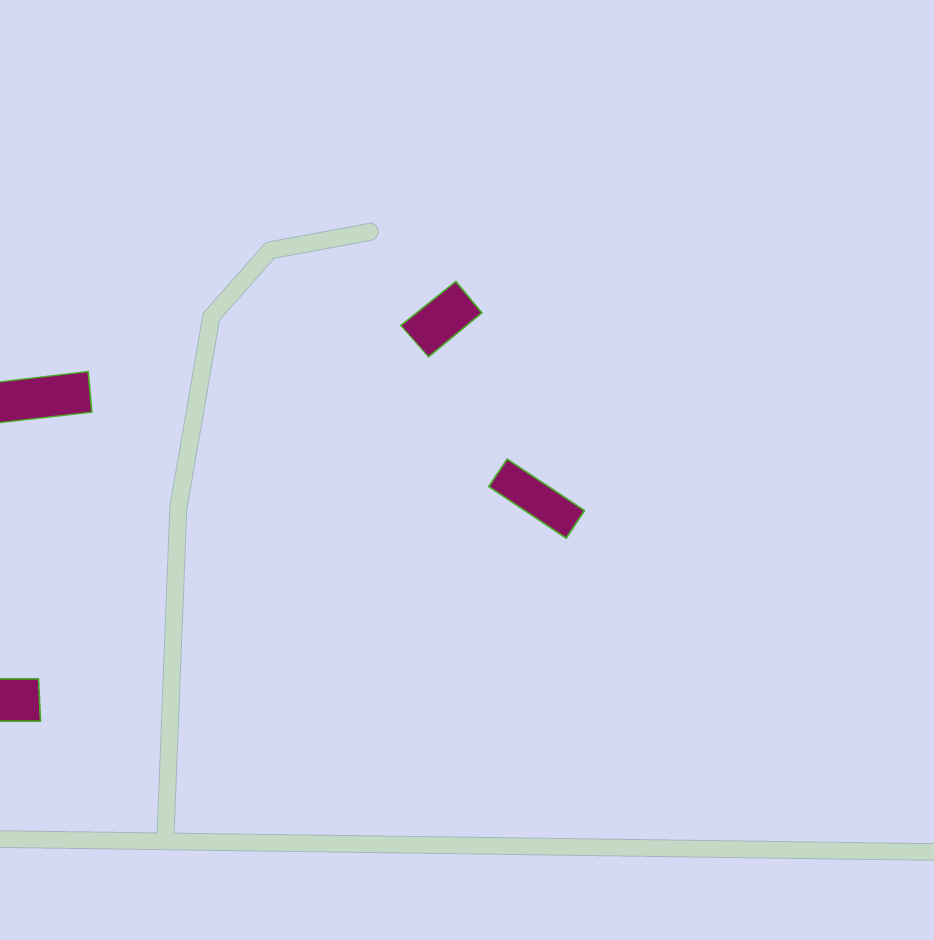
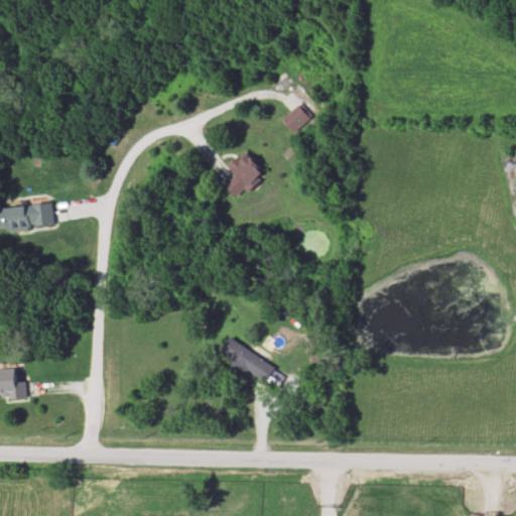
building: none -> [279,102,312,135]
building: [489,459,585,538] -> [221,338,273,381]

